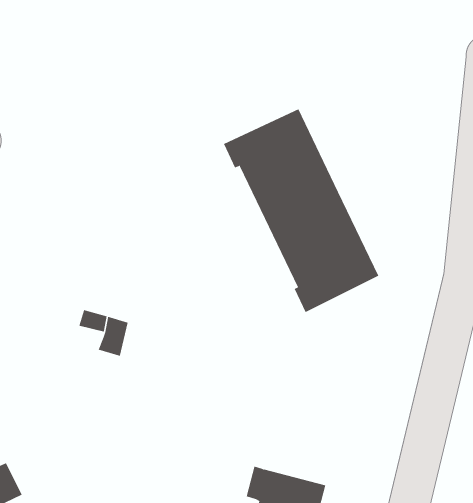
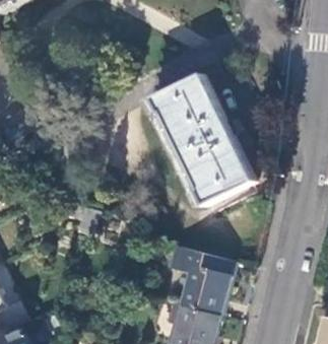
building: none -> [171,245,236,313]

